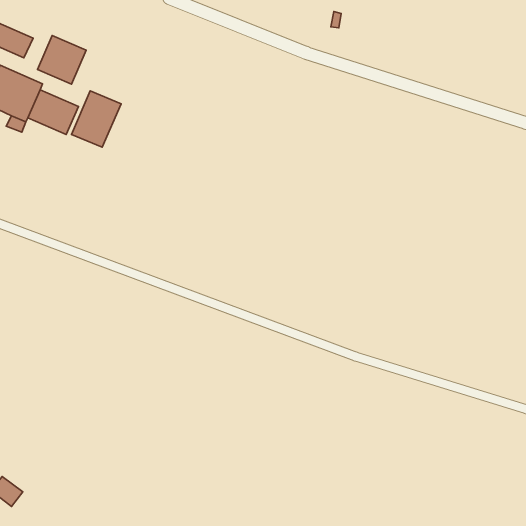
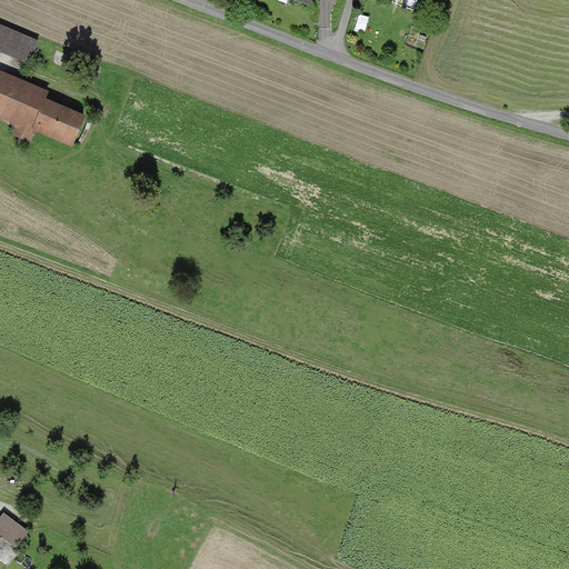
building: [38,35,86,84] -> none
building: [71,91,121,147] -> none

